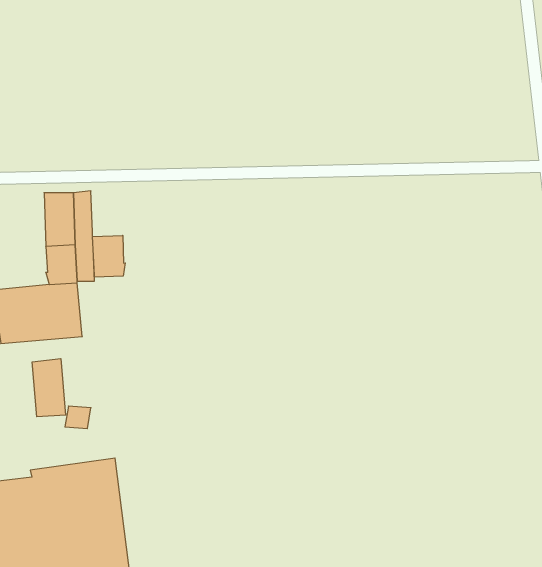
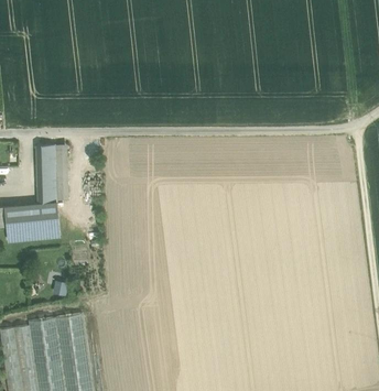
building: [93,235,125,277] -> none
building: [32,359,66,417] -> none

